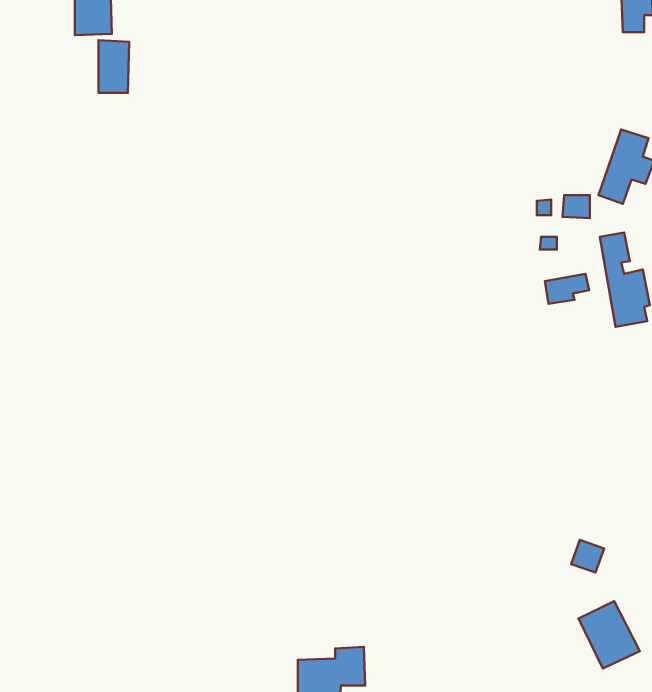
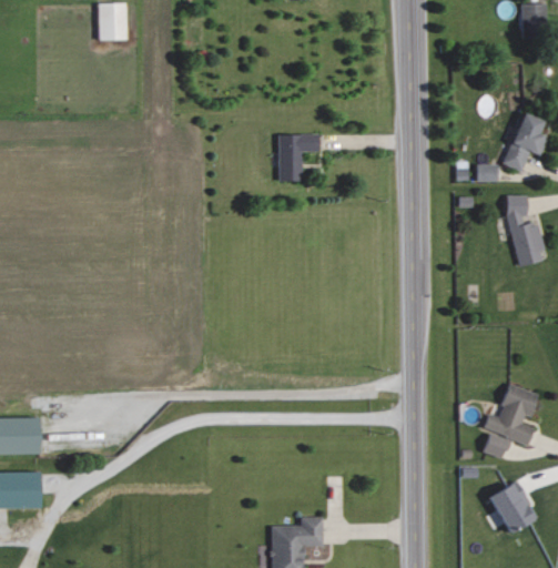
building: [99,40,129,93] -> none
building: none -> [278,135,319,182]
building: [545,274,589,304] -> none
building: none -> [484,383,538,444]

